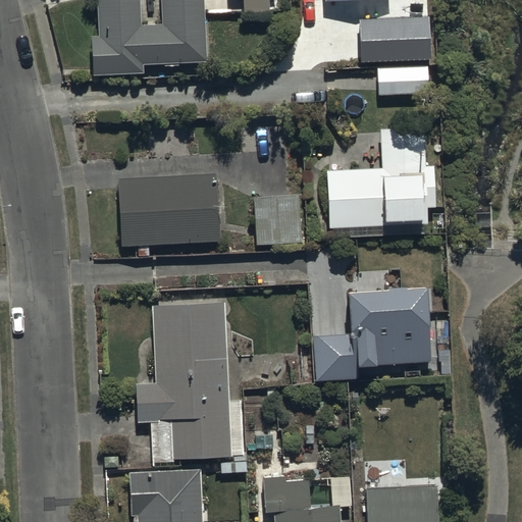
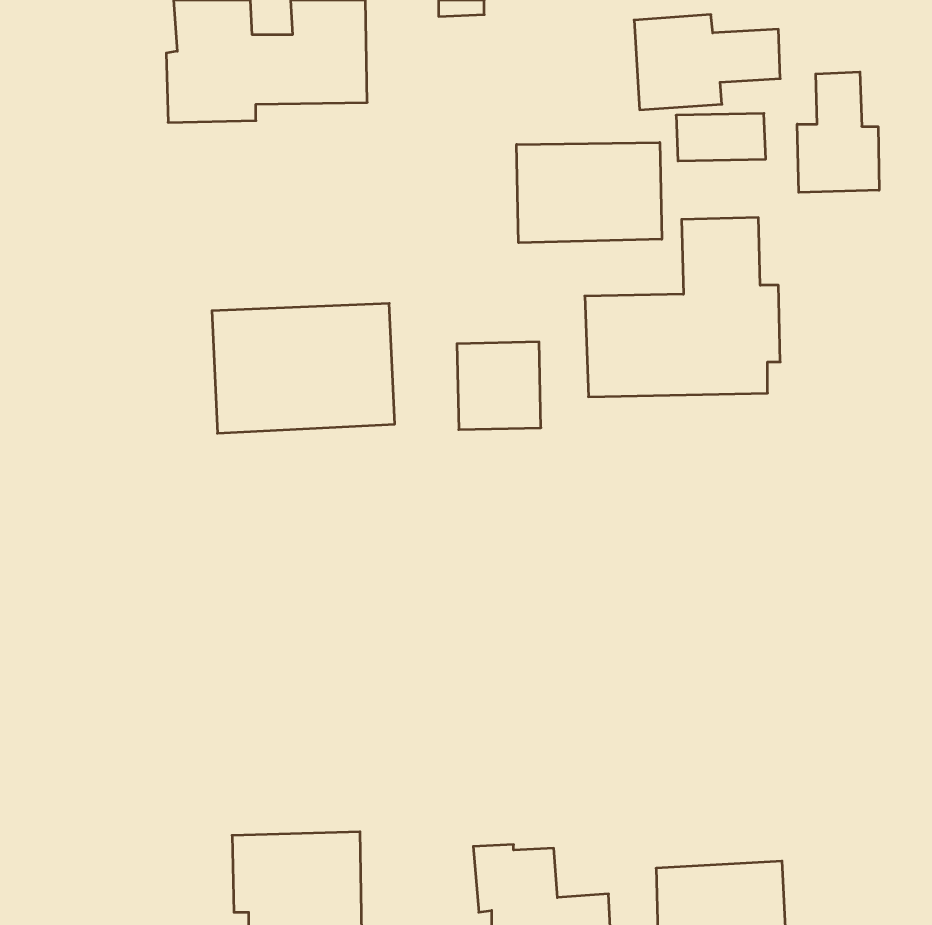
building: none -> [797,72,879,192]
building: none -> [517,142,662,243]
building: [313,282,430,380] -> none
building: [137,303,231,459] -> none

